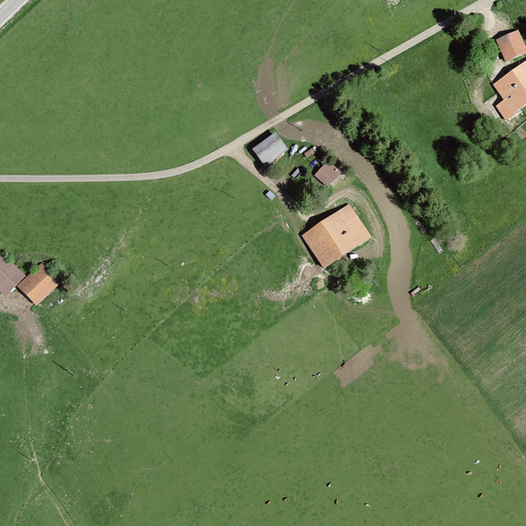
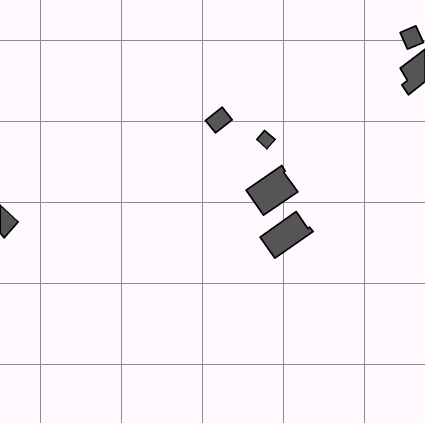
building: none -> [260,211,313,258]
building: [20,263,59,302] -> none

